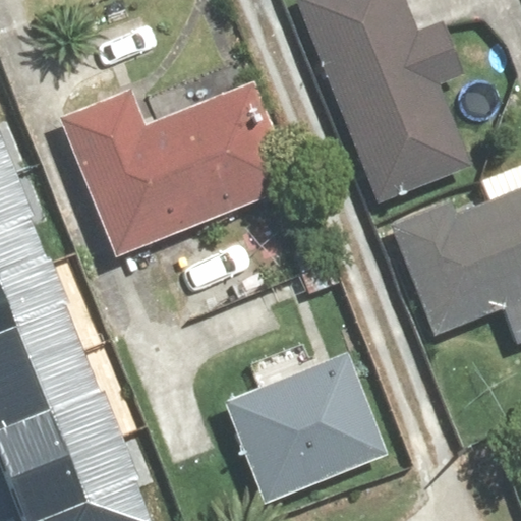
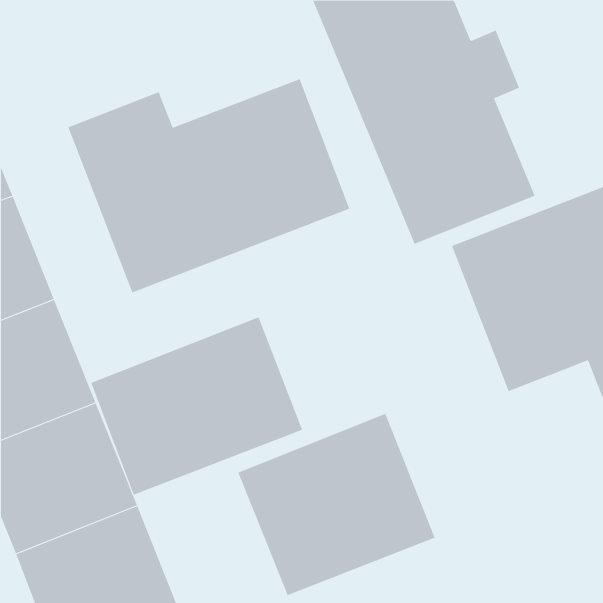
building: none -> [91,316,303,495]

